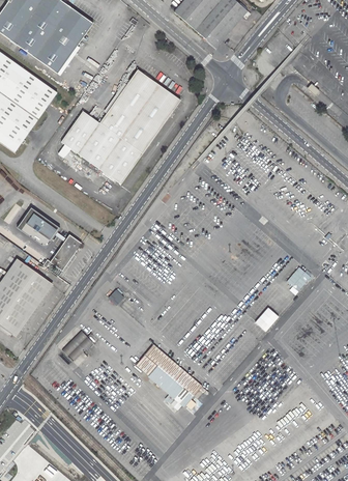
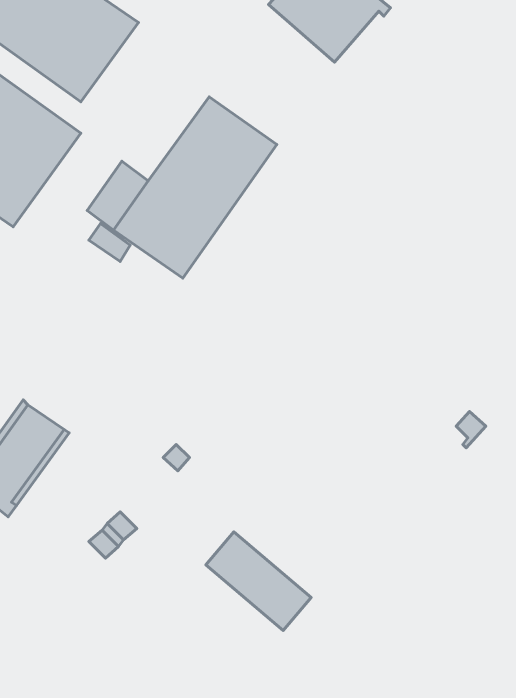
building: [17,207,59,247] -> none
building: [49,234,81,270] -> none

